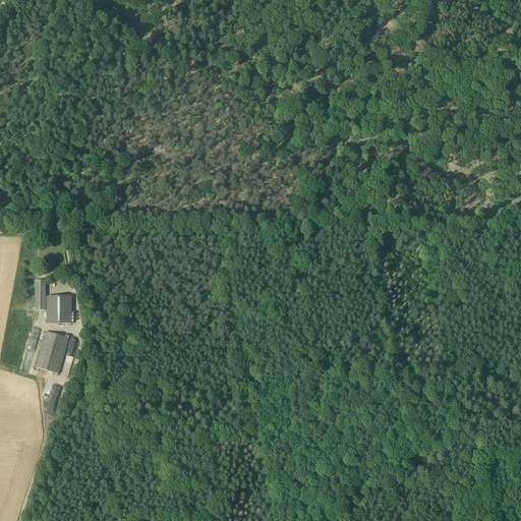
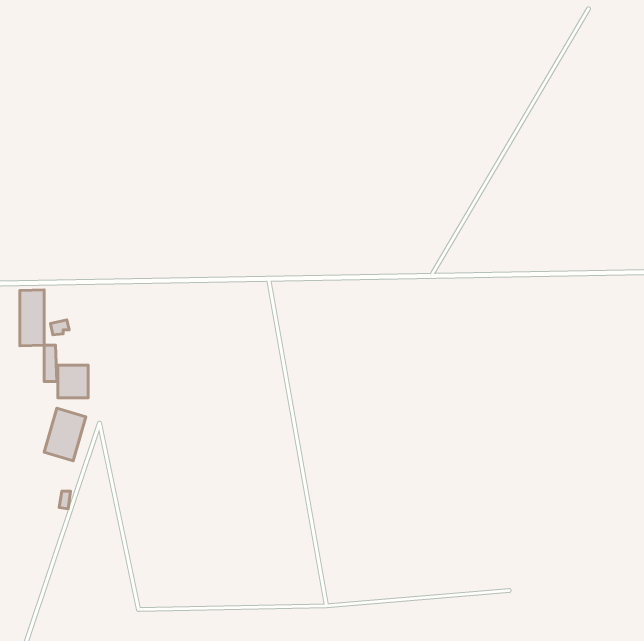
building: none -> [20,290,44,346]

